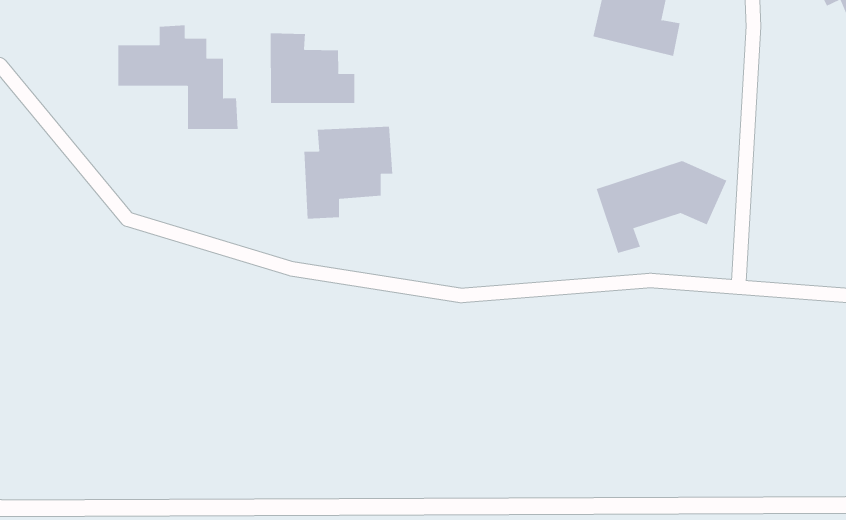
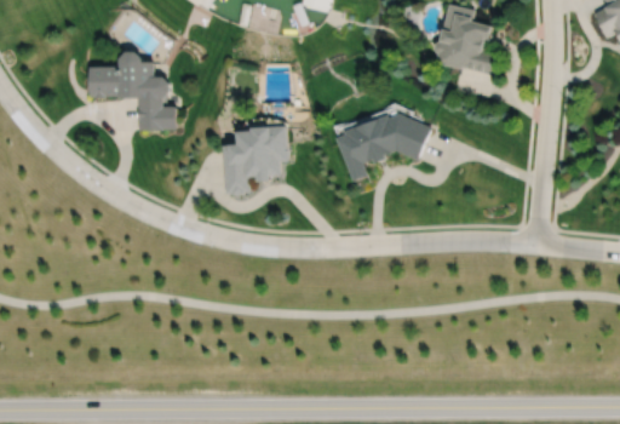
building: [270,32,355,104] -> none
building: [596,161,727,253] -> [334,113,430,181]

